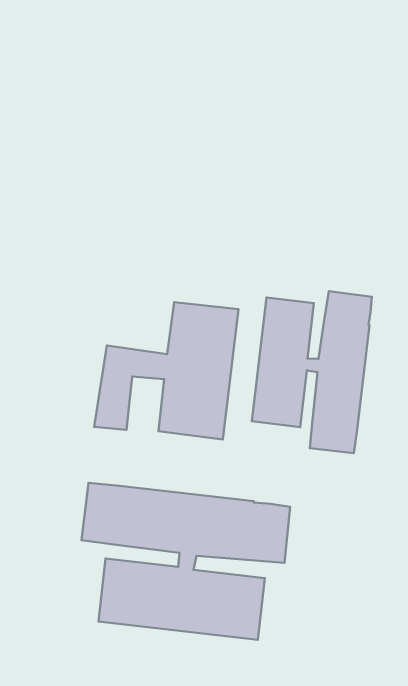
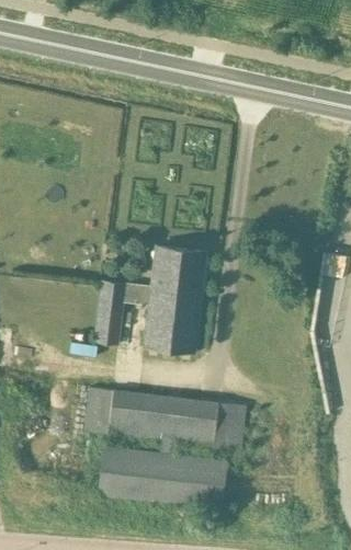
building: [252,291,372,453] -> none

